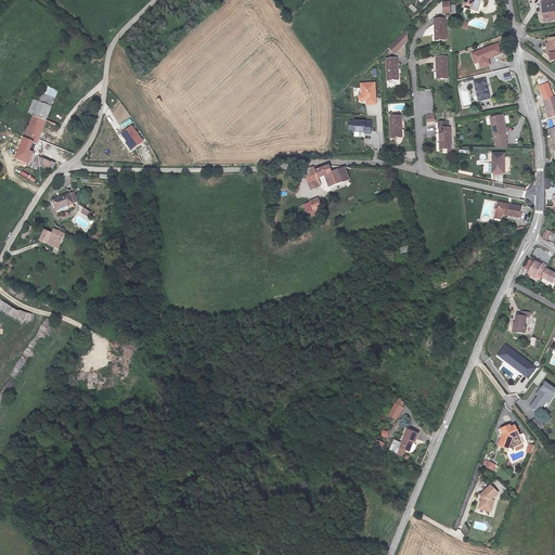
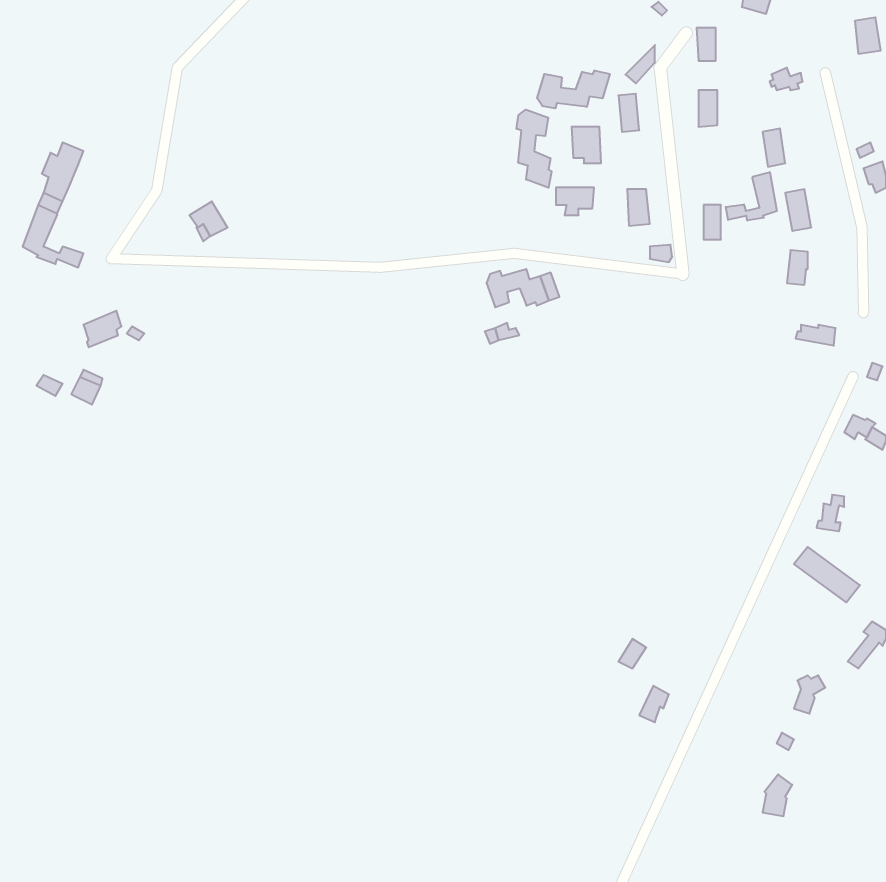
building: none -> [537,70,610,108]
building: none -> [517,110,552,188]
building: none -> [726,172,777,221]

